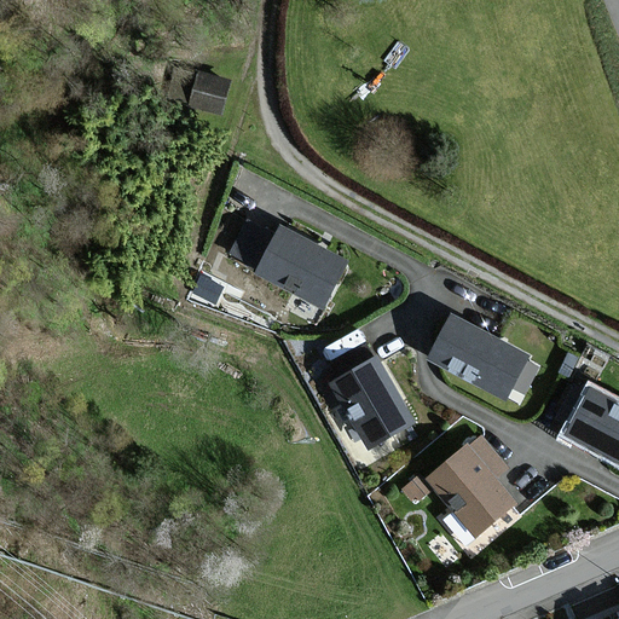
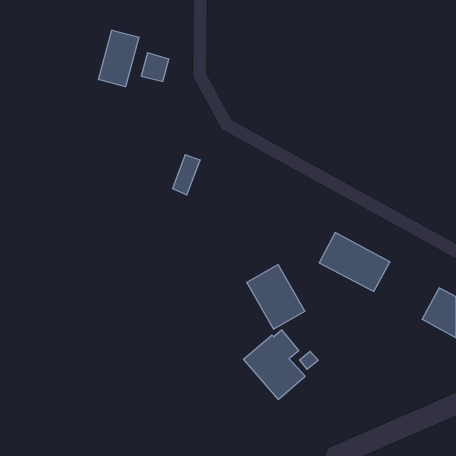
building: none -> [99,30,139,87]
building: [259,227,346,303] -> none
building: [429,438,513,532] -> [243,330,305,400]

